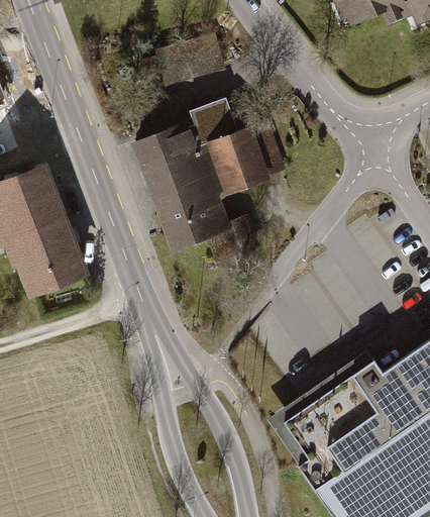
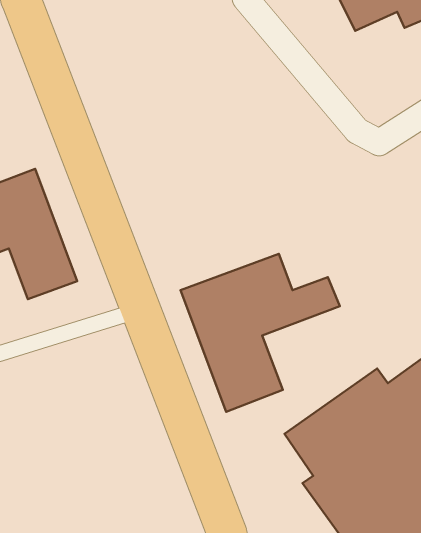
building: [134,107,277,248] -> none
building: none -> [180,254,340,412]

